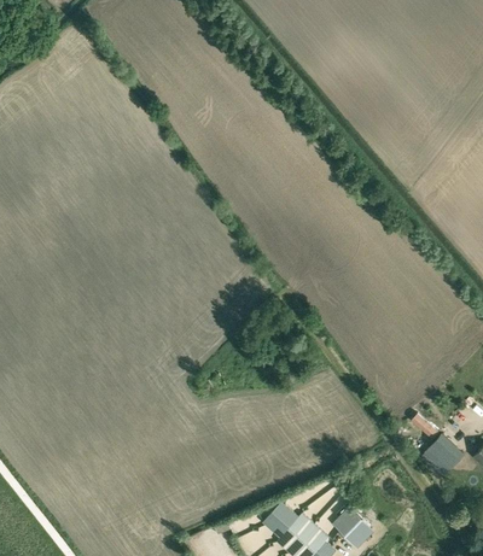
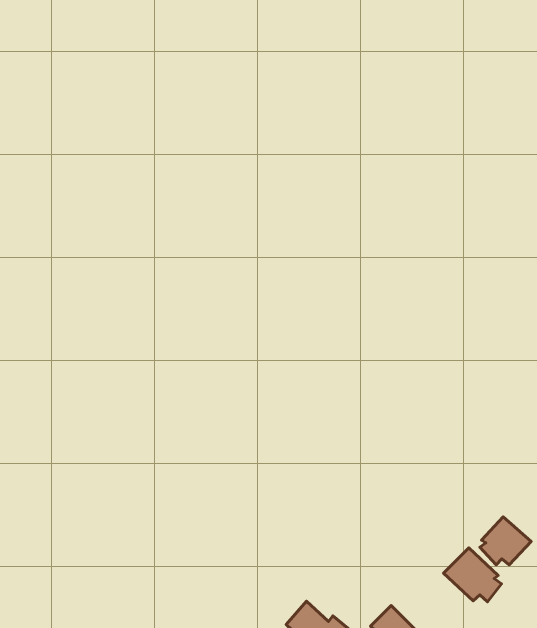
building: none -> [444,548,501,602]

